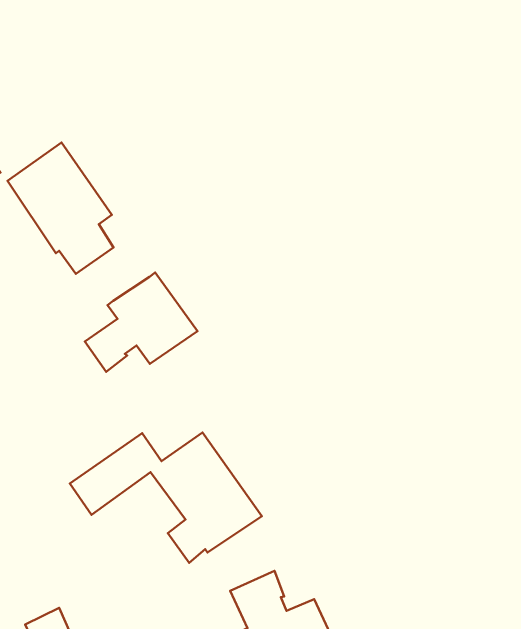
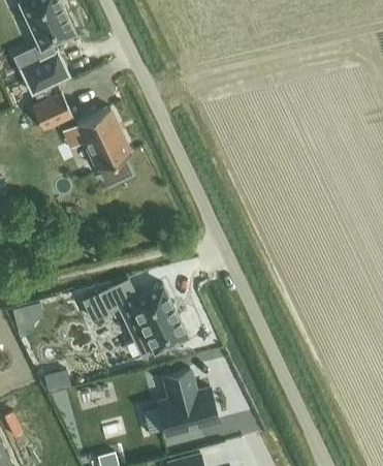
building: [85,273,197,372] -> none

